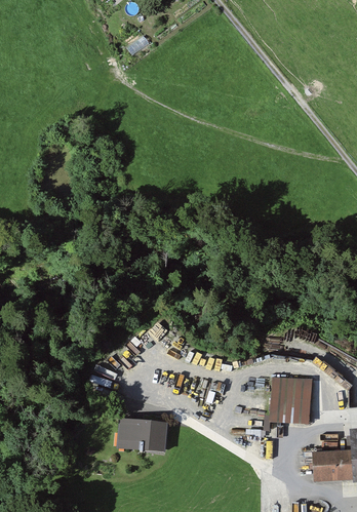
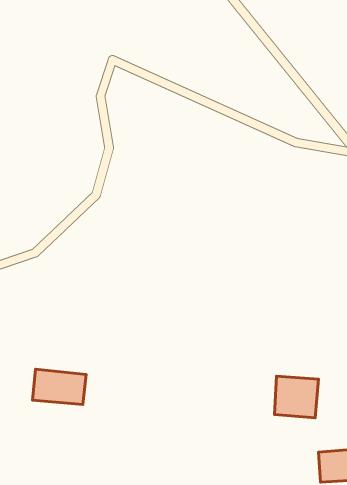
building: [116,419,167,452] -> [32,369,86,405]

